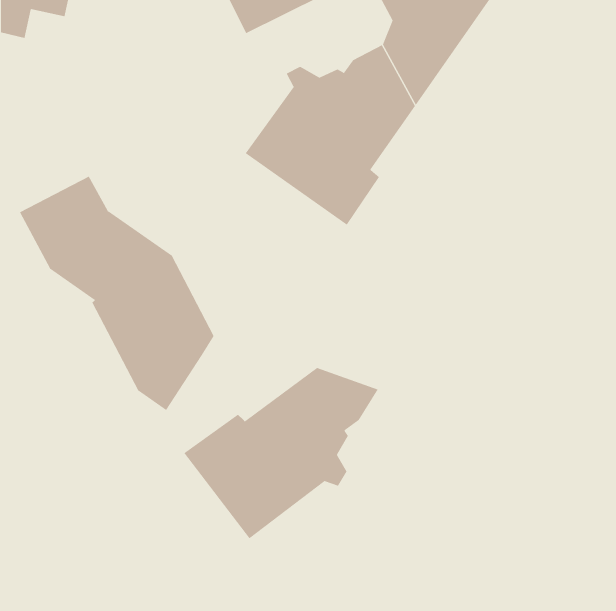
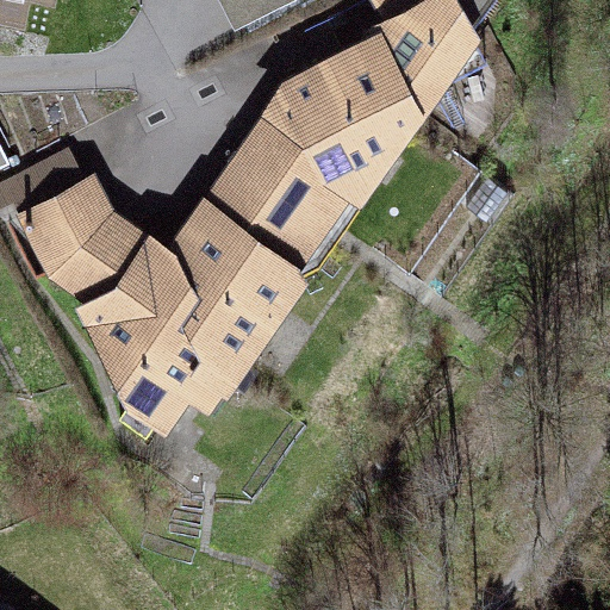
building: none -> [170,151,343,369]
building: [184,367,379,539] -> none

